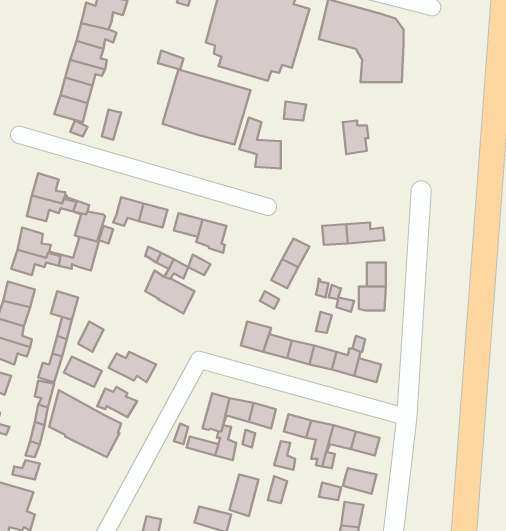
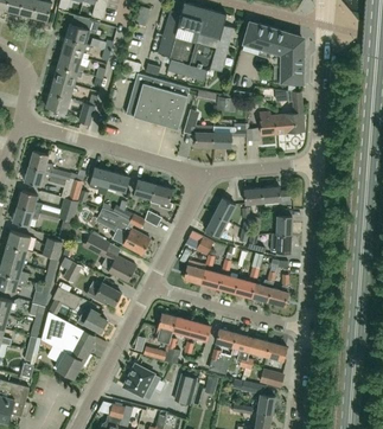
building: none -> [276,90,306,134]
building: none -> [213,123,245,148]
building: none -> [84,233,136,281]
building: none -> [47,346,84,378]
building: none -> [123,365,160,399]

